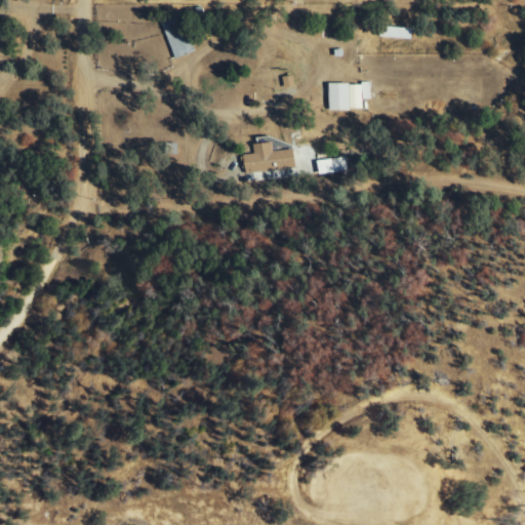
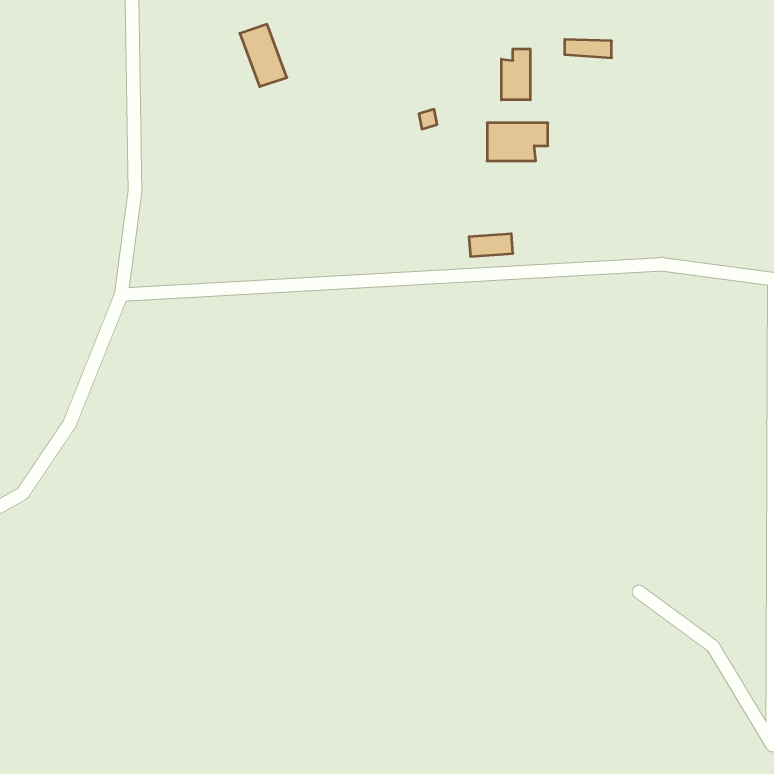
building: none -> [501,49,530,100]
building: [243,142,296,172] -> none

